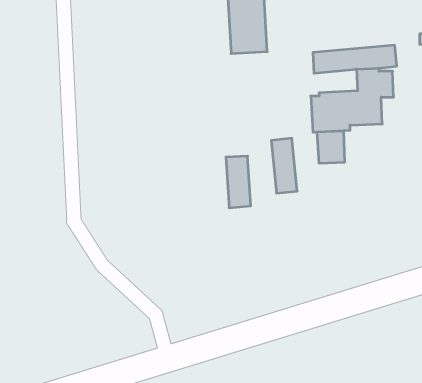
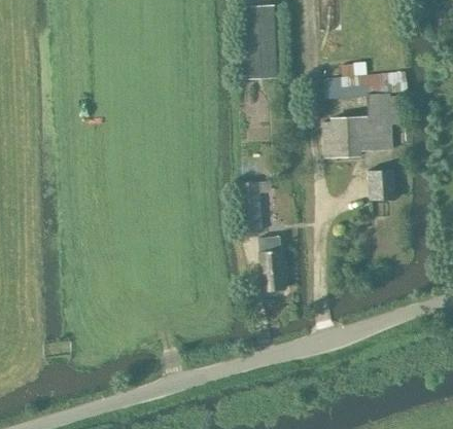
building: [317,131,345,163] -> [368,169,395,201]
building: [271,138,297,193] -> [258,236,284,290]

